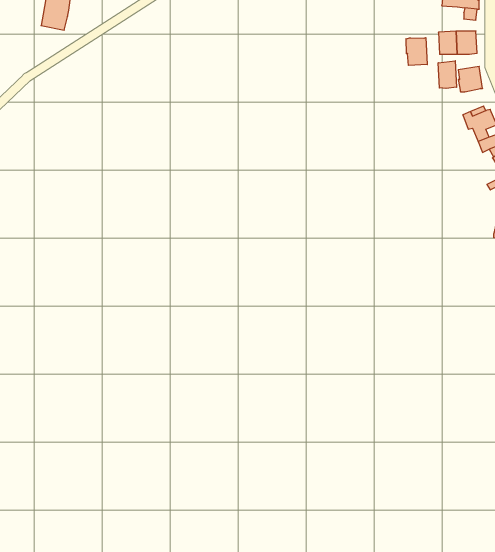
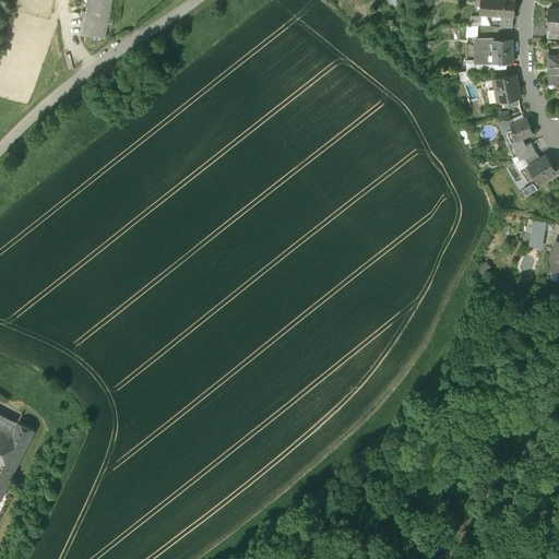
building: [406,38,427,65] -> none
building: [438,61,457,88] -> none

